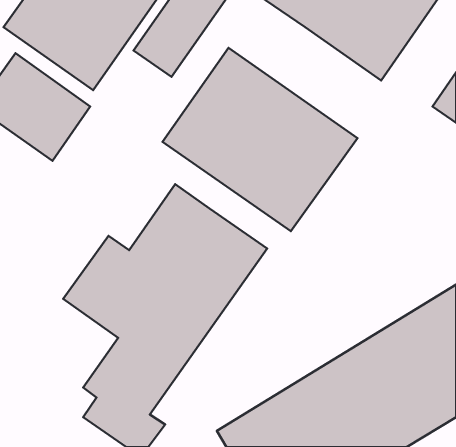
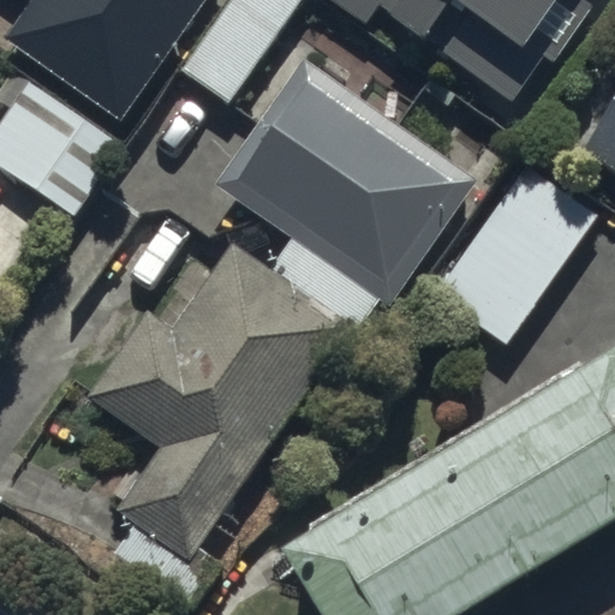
building: none -> [430,162,595,344]

